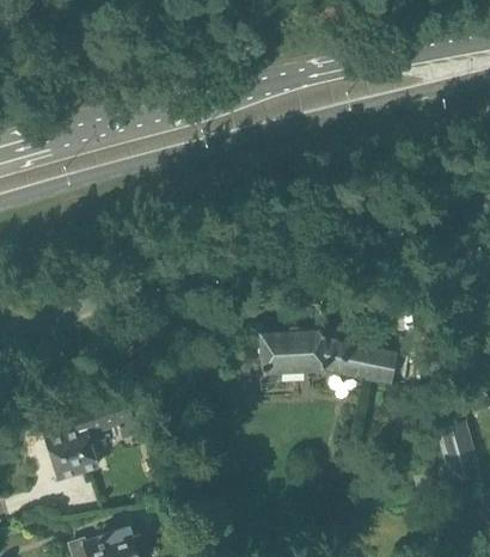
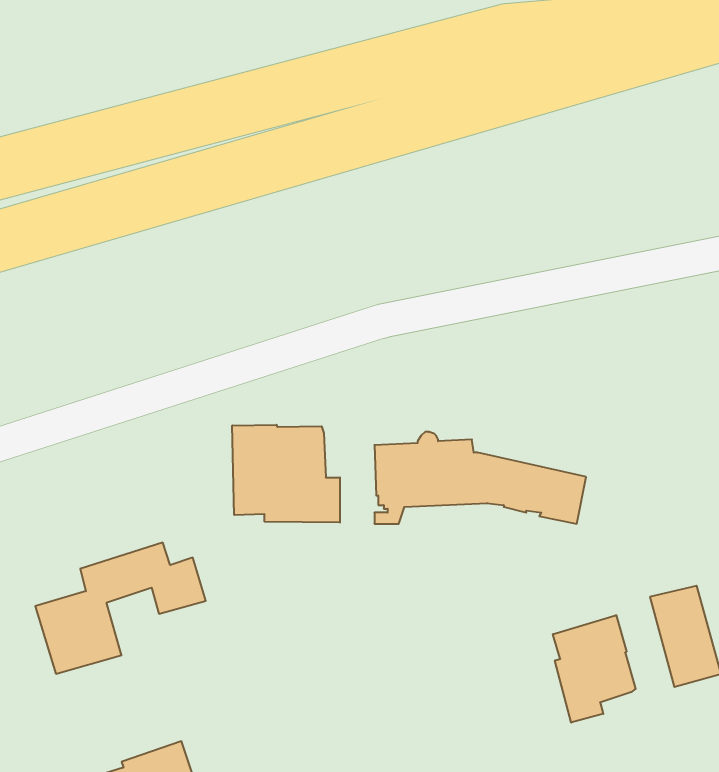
building: none -> [232,425,340,523]
building: none -> [553,615,636,723]

